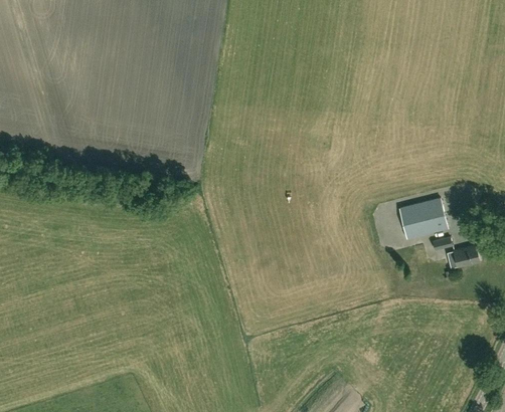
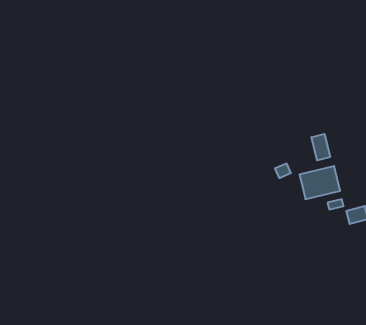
building: none -> [311,134,330,160]

